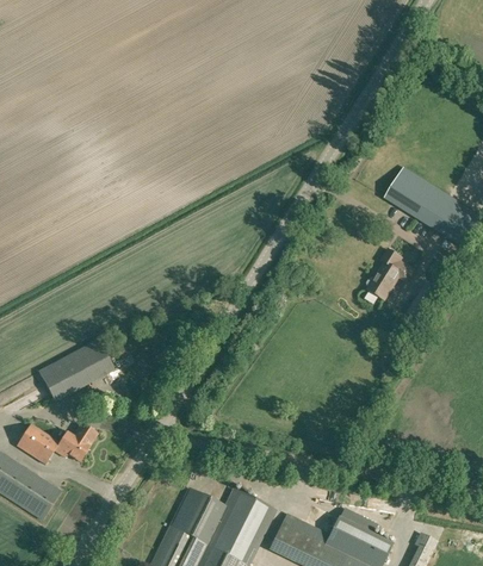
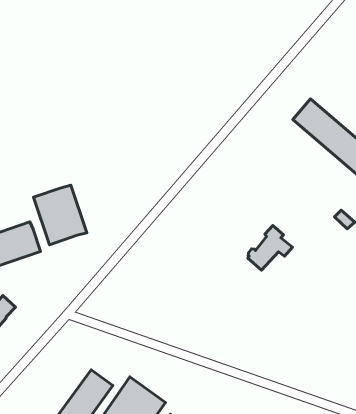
building: [367,249,414,299] -> [248,225,293,270]
building: none -> [33,185,87,245]

